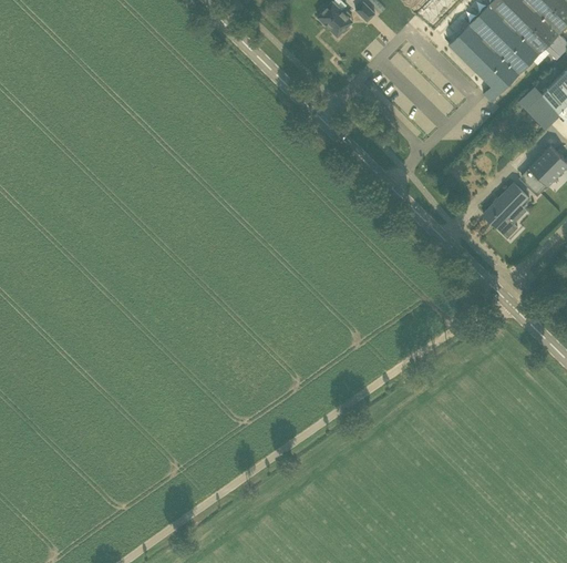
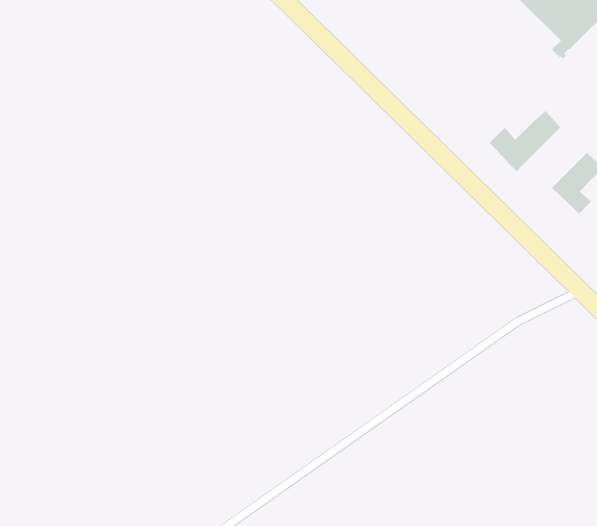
building: none -> [489,110,561,172]

